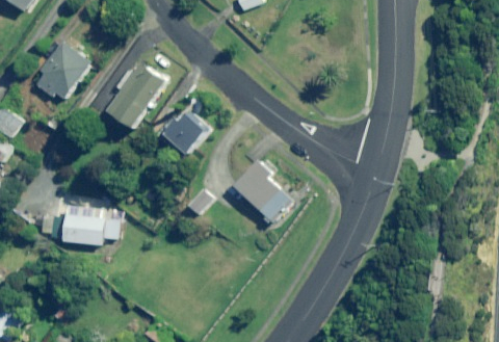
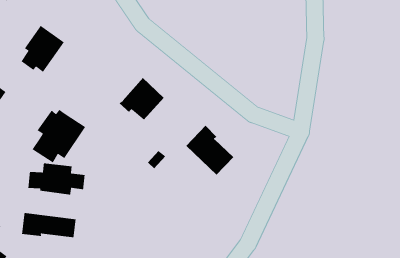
building: [107,62,173,128] -> [31,109,86,163]
building: none -> [21,212,76,238]

